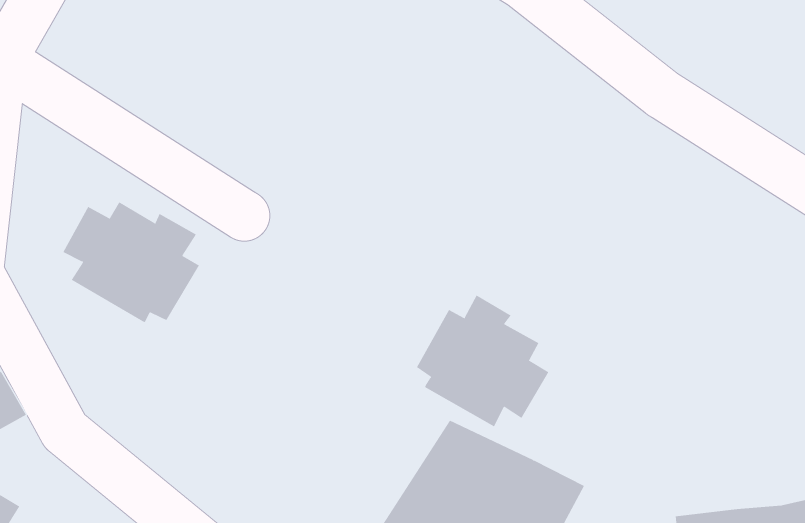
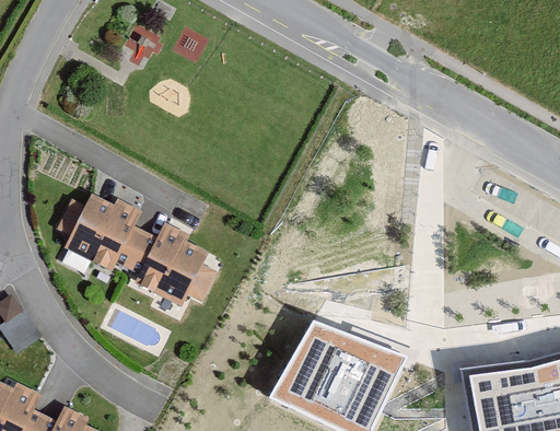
building: none -> [128,224,217,308]
building: [416,295,549,427] -> none

